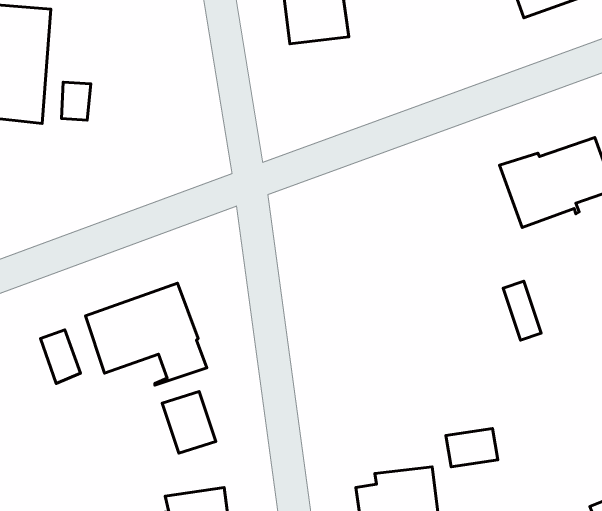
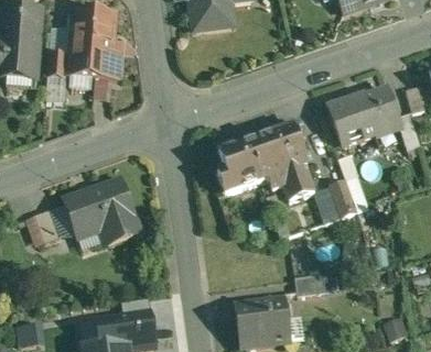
building: none -> [69,11,119,80]
building: none -> [217,119,314,200]
building: [162,392,216,453] -> none

